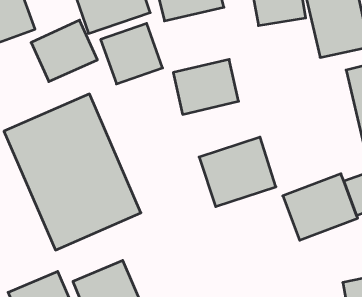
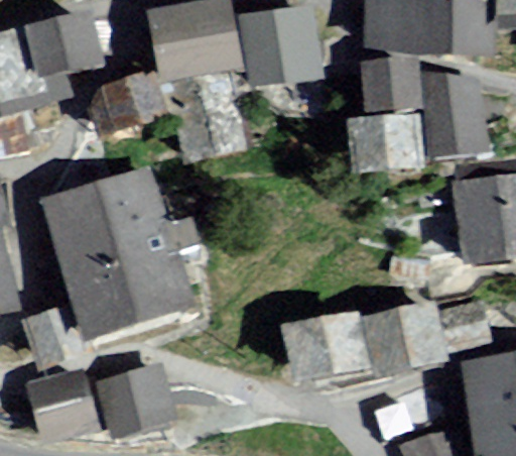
building: [173,59,239,114] -> [350,111,421,167]
building: [199,137,276,207] -> [281,308,366,381]

